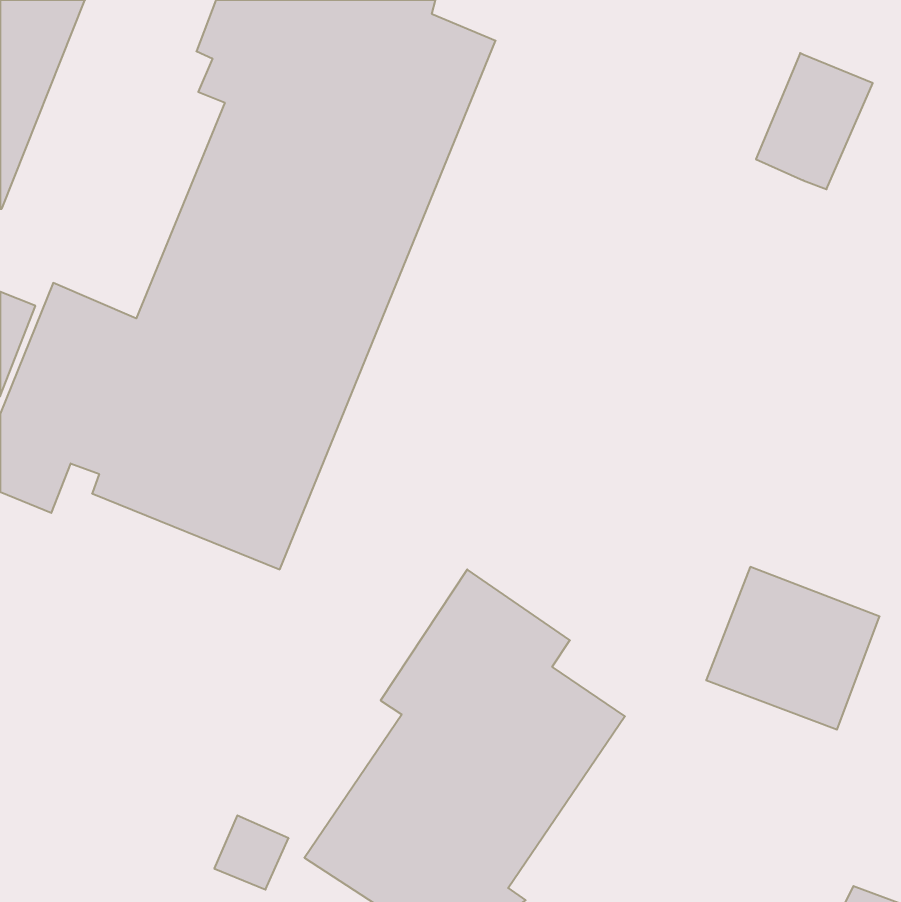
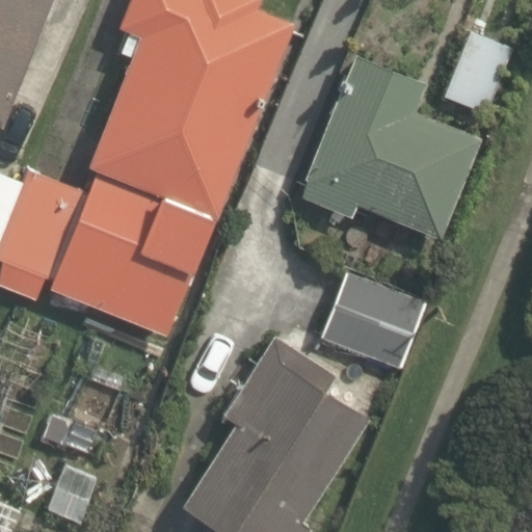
building: none -> [301,57,478,239]
building: [706,567,880,730] -> [323,271,425,367]

